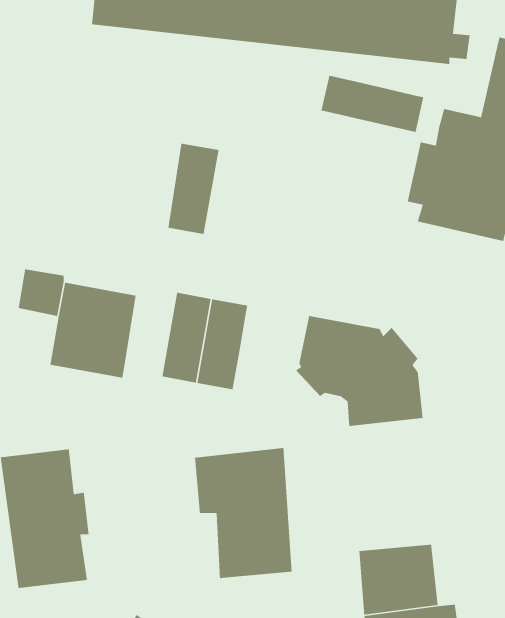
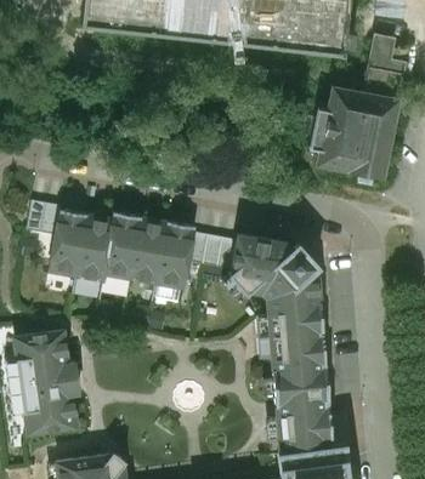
building: [321,75,424,133] -> none
building: [168,143,219,235] -> [104,211,142,278]
building: none -> [188,232,237,268]
building: [194,447,293,579] -> [256,308,328,404]

